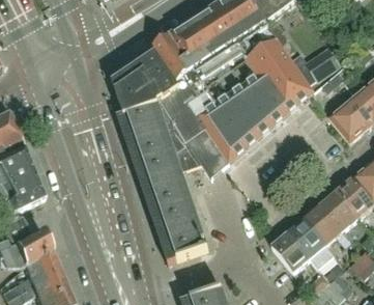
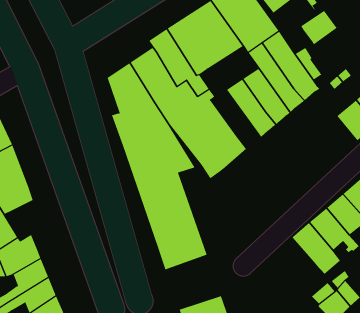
building: [306,47,341,80] -> [300,10,338,45]
building: [210,91,258,147] -> none
building: [270,231,310,272] -> none

